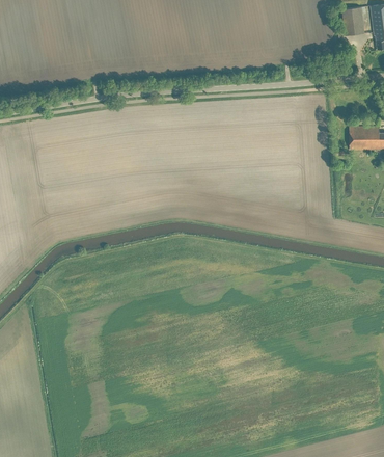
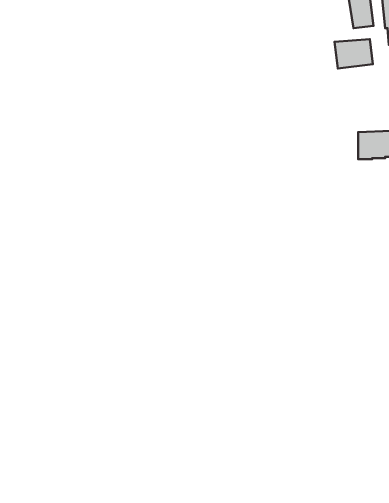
building: none -> [335,39,373,68]

